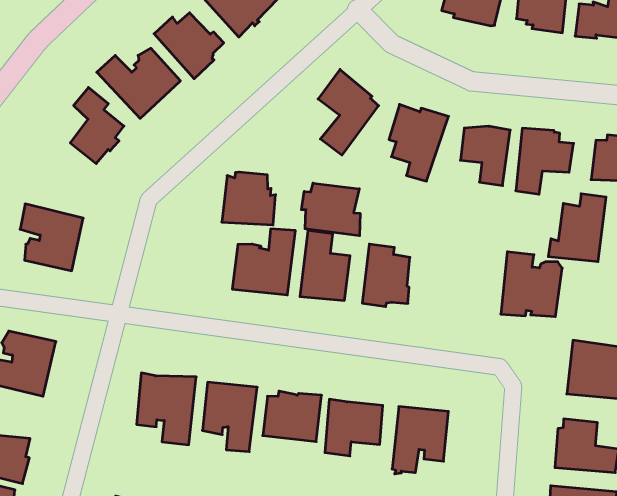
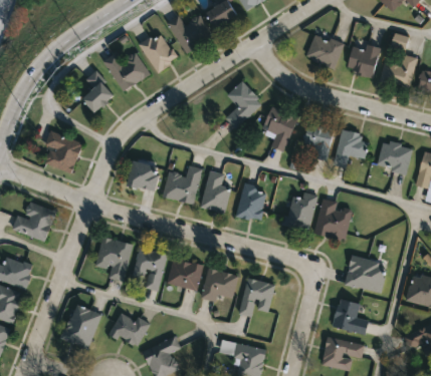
building: [222,172,276,225] -> [127,158,160,192]
building: [301,183,360,236] -> none
building: [548,194,606,262] -> [280,192,318,232]

